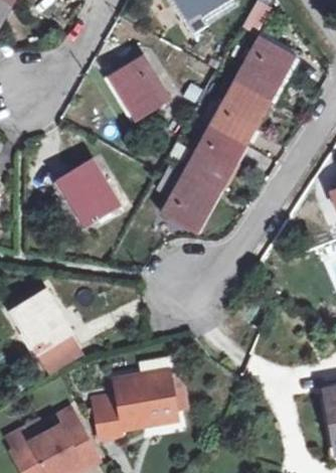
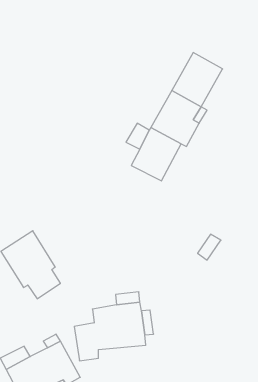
building: [232,37,290,100] -> none
building: [108,58,166,121] -> none
building: [61,161,119,222] -> none

